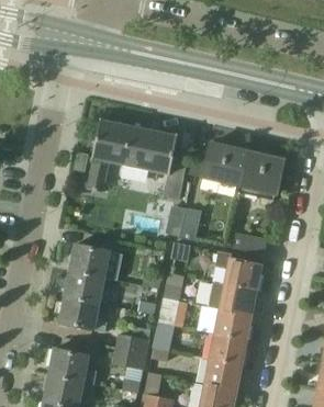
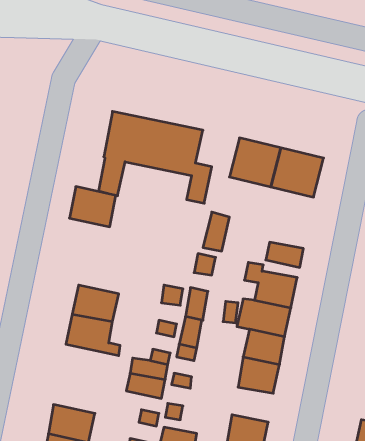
building: [69,242,110,278] -> [69,187,116,227]
building: [47,348,94,384] -> none
building: [203,359,239,389] -> none

